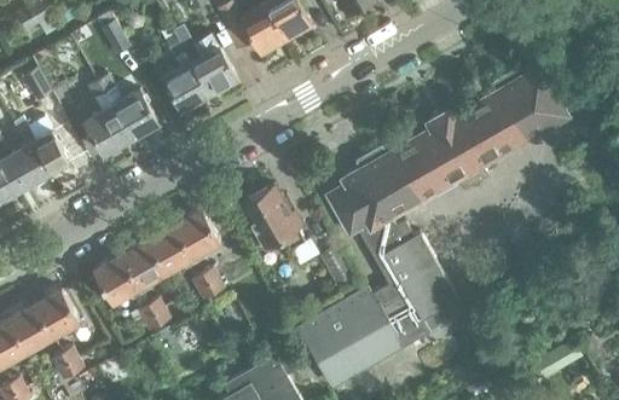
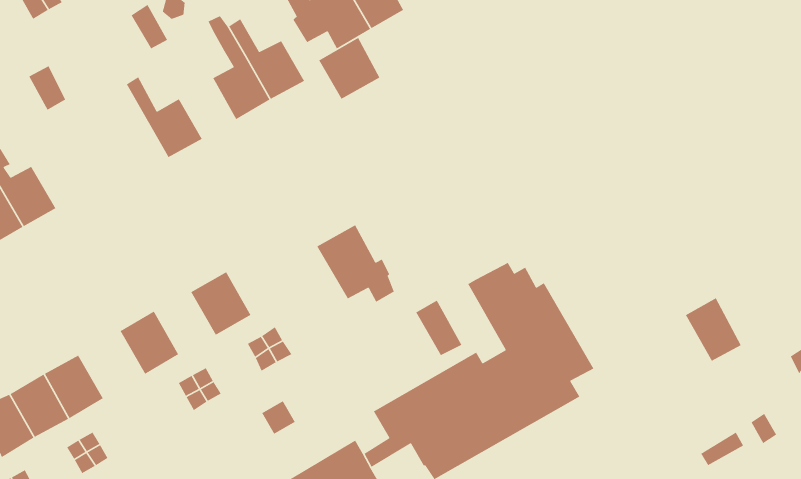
building: none -> [318,37,380,100]
building: [329,69,566,233] -> none
building: [85,81,129,153] -> none
building: [12,117,69,176] -> none
building: [174,209,220,259] -> none
building: [118,240,166,289] -> none
building: none -> [685,297,742,362]

